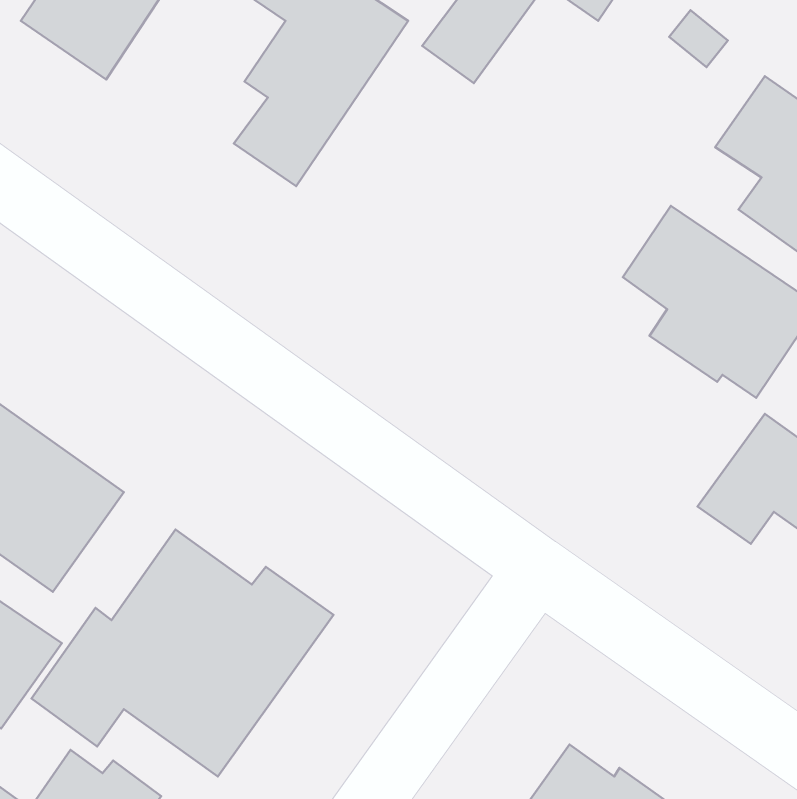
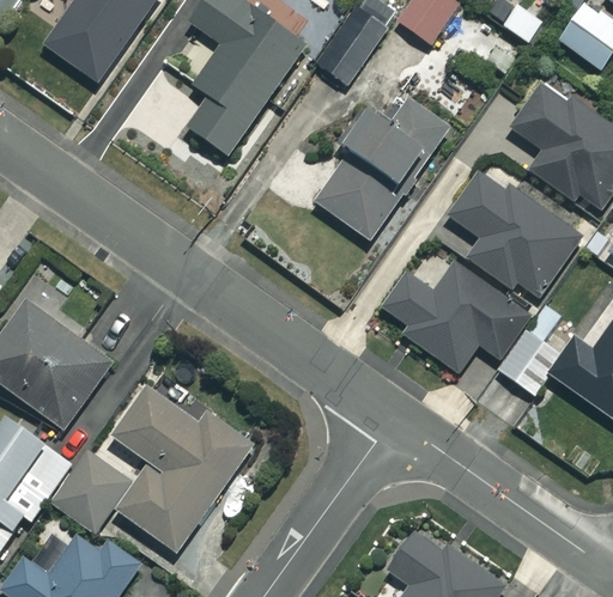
building: none -> [312,96,451,240]
building: none -> [382,262,530,373]

